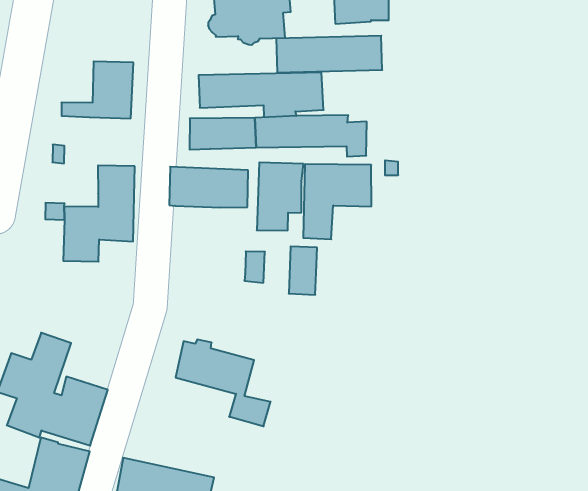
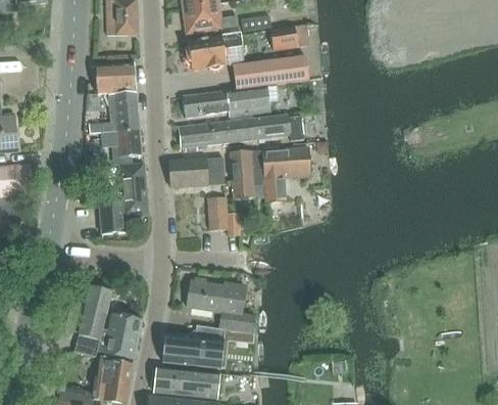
building: none -> [95,62,136,93]
building: none -> [109,130,140,156]
building: [289,246,317,295] -> [207,196,228,230]
building: none -> [161,324,228,368]

